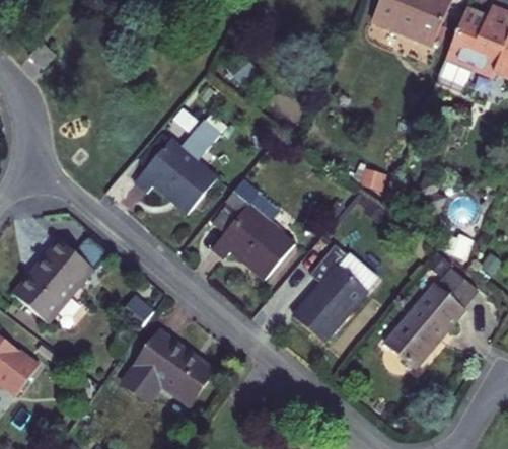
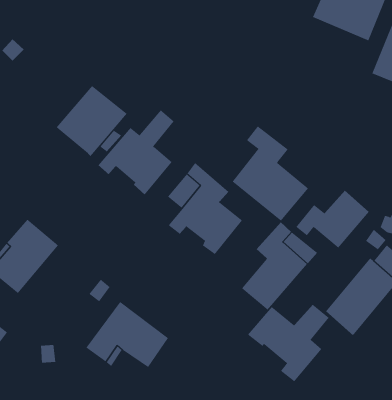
building: none -> [56,85,127,157]
building: none -> [232,126,309,222]
building: none -> [296,190,370,248]
building: none -> [247,304,330,382]

